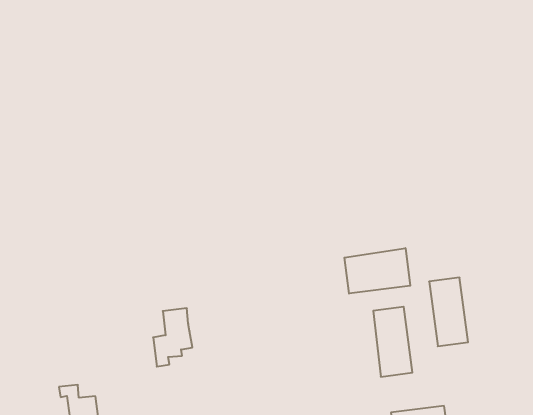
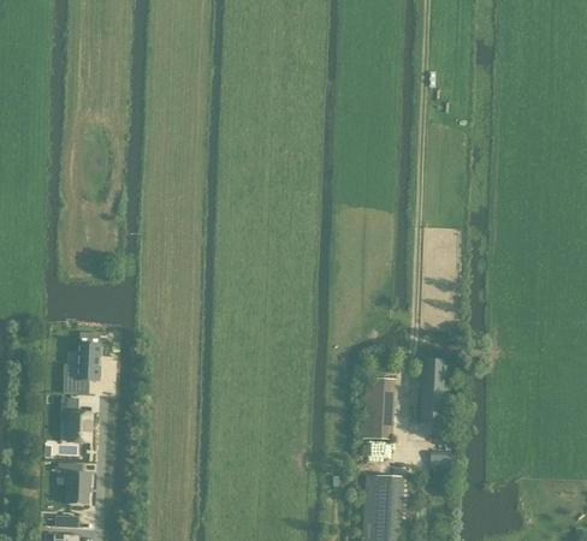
building: [344,248,410,294] -> none
building: [153,308,192,367] -> [63,341,100,392]

